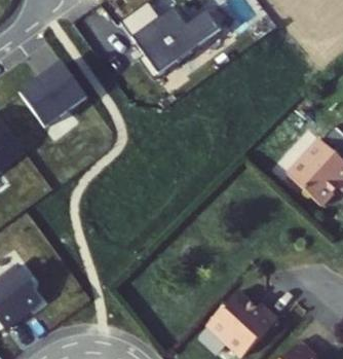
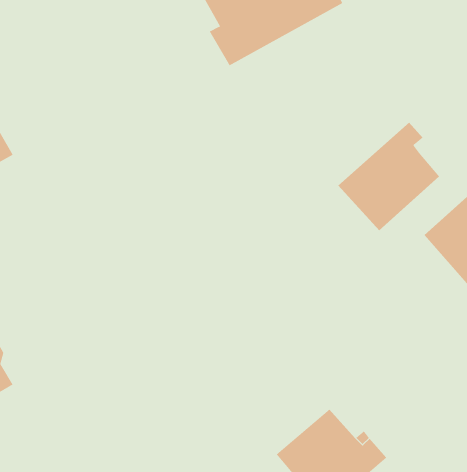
building: [17,66,85,130] -> none
building: none -> [337,122,440,231]

